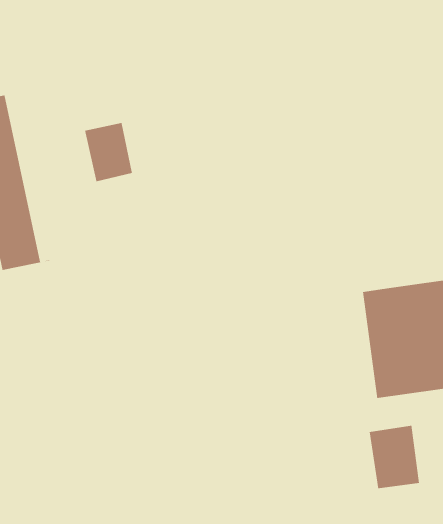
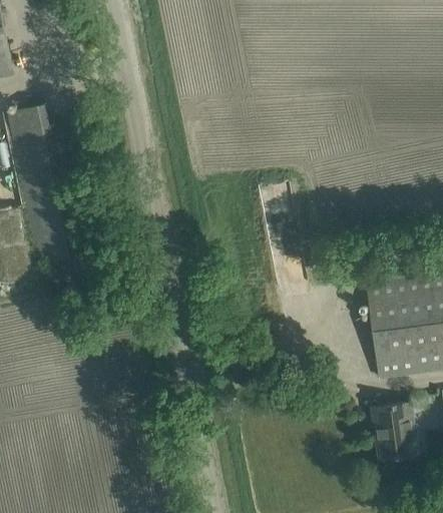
building: [84,122,132,182] -> none

